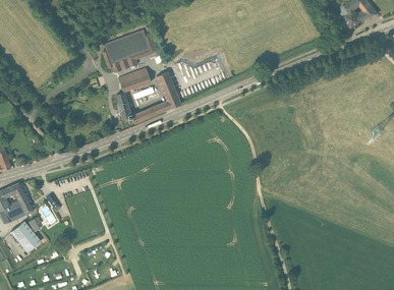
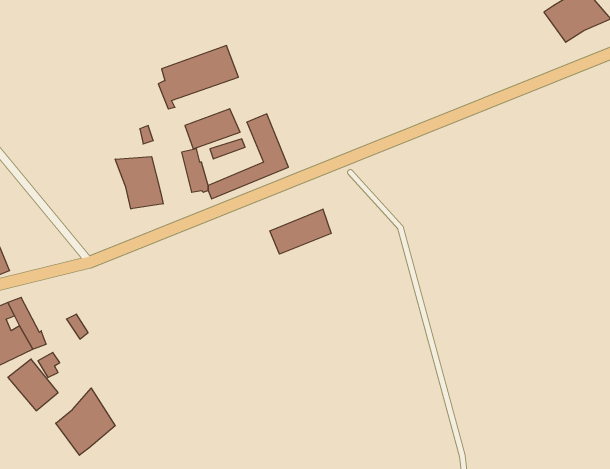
building: none -> [115,157,163,209]
building: none -> [270,209,331,254]
building: none -> [56,388,115,455]

